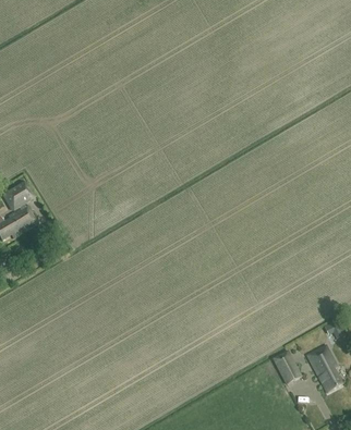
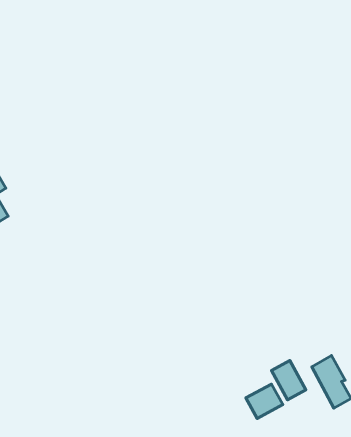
building: none -> [246,384,283,419]

